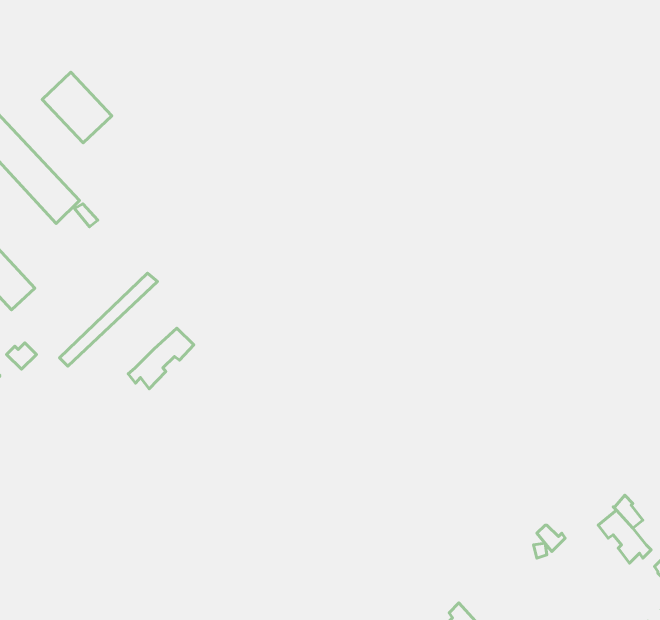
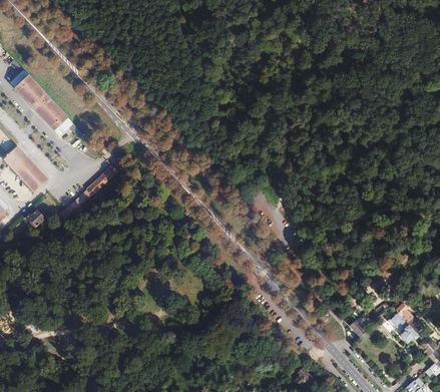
building: [42,72,112,143] -> none
building: [128,328,194,389] -> none

